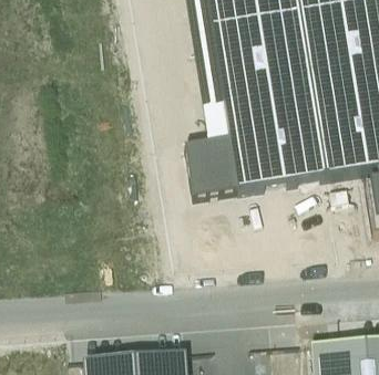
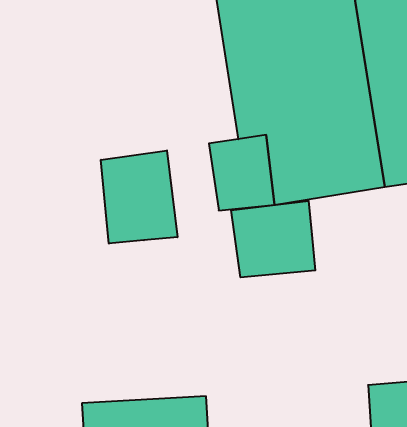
building: none -> [101,150,177,244]
building: none -> [231,201,315,277]

